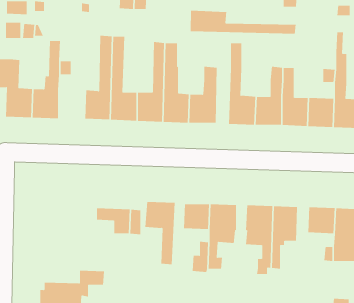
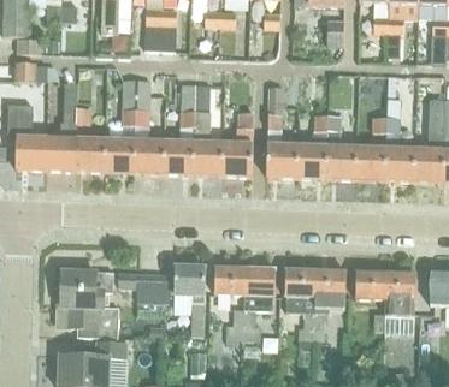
building: [190,10,296,34] -> none
building: none -> [76,138,106,171]
building: none -> [55,269,118,335]

